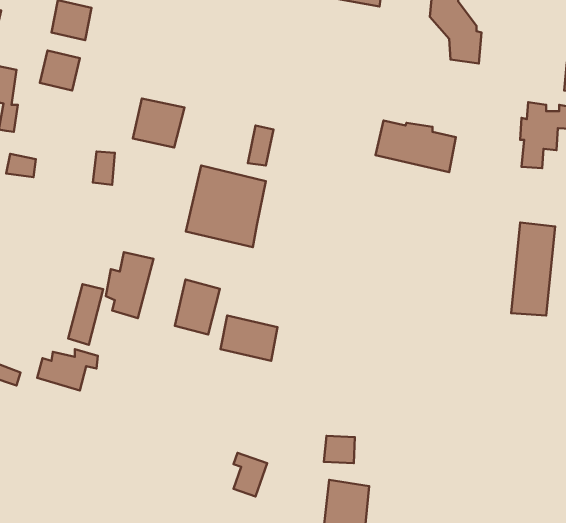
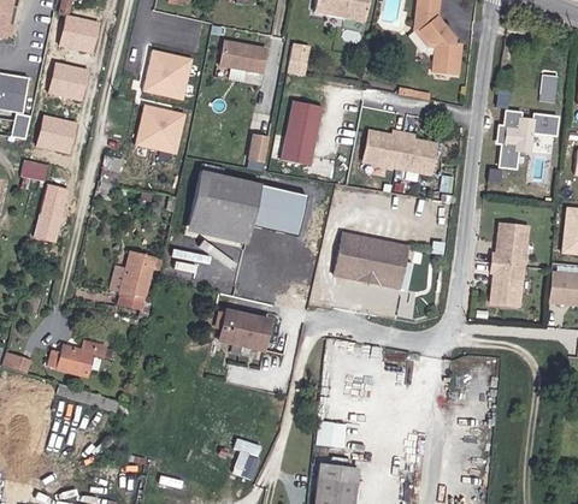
building: none -> [218,41,269,75]
building: none -> [287,42,312,75]
building: none -> [144,52,191,99]
building: none -> [282,100,322,166]
building: none -> [39,115,78,154]
building: none -> [253,184,307,233]
building: none -> [334,233,408,290]
building: [175,280,220,335] -> none
building: [68,284,103,345] -> [35,185,67,242]

